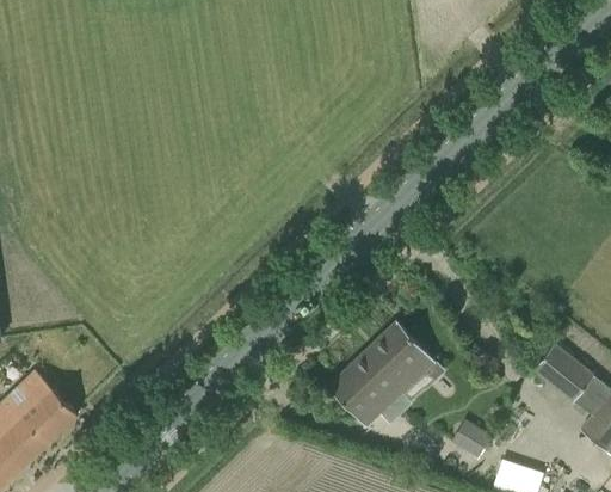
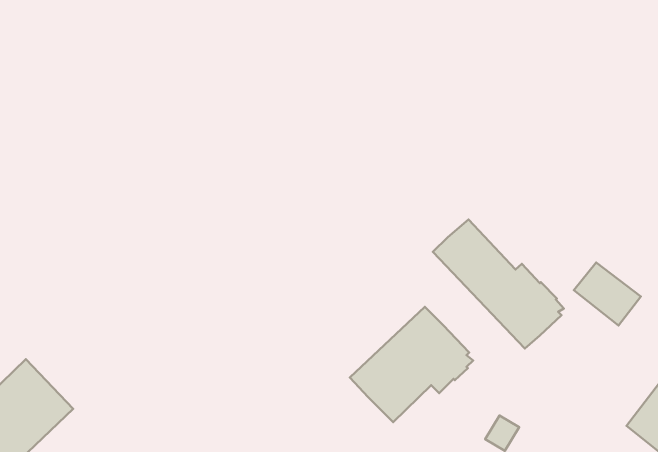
building: none -> [433,219,564,349]
building: [532,344,593,401] -> [574,263,641,325]

